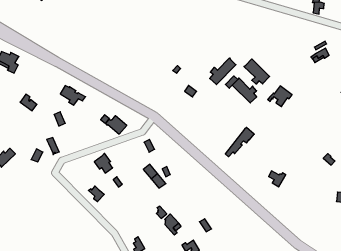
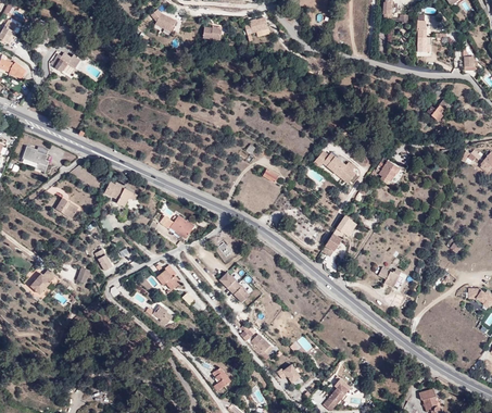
building: [210,58,236,85] -> none
building: [244,59,270,84] -> none

